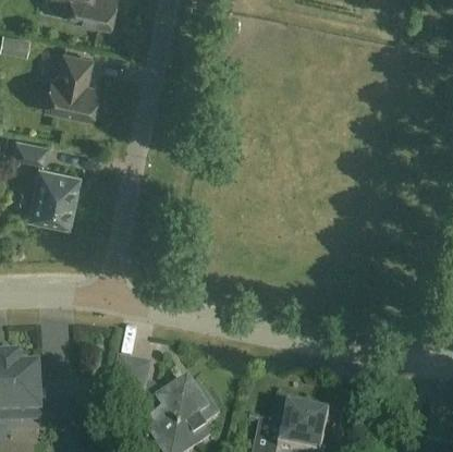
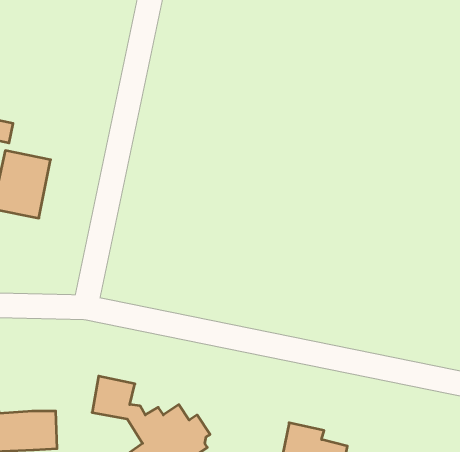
building: [46,52,97,115] -> none

